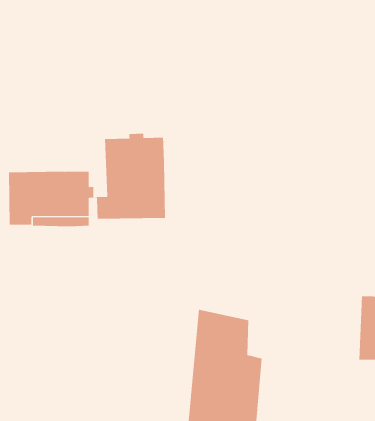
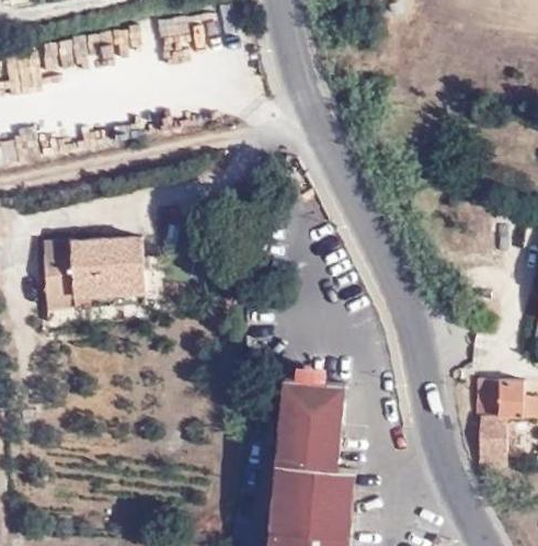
building: [94,133,165,220] -> none
building: none -> [278,375,343,419]

